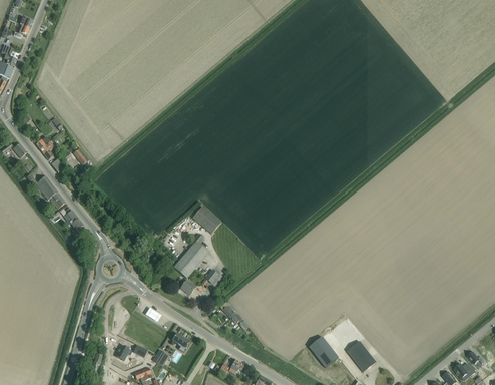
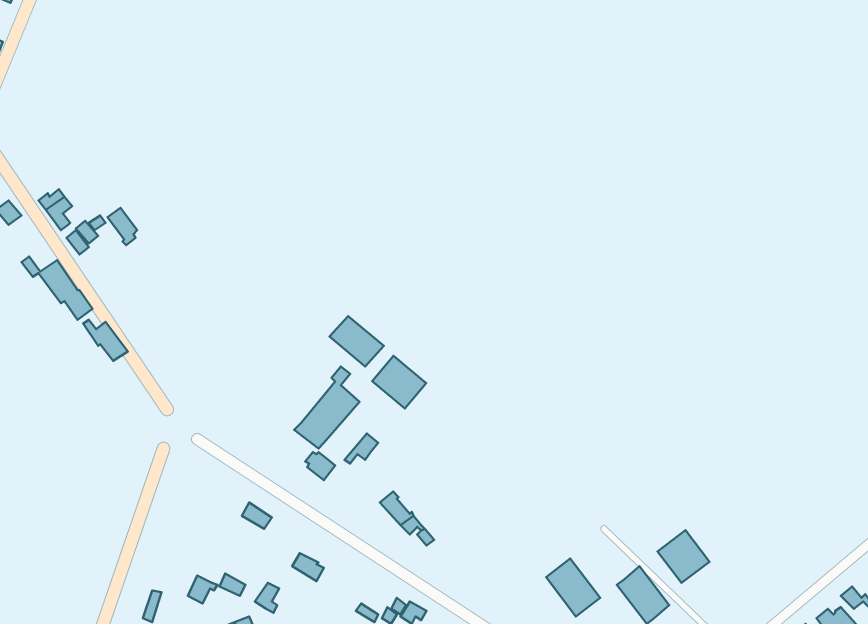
building: none -> [372,356,426,409]
building: none -> [658,530,710,583]

